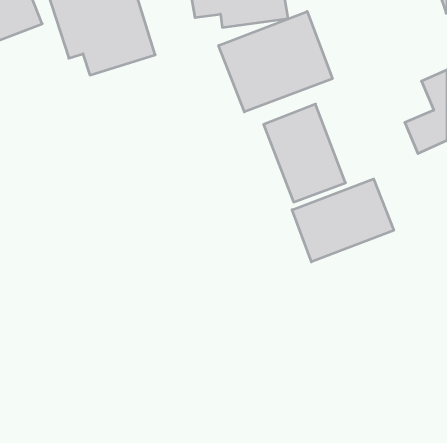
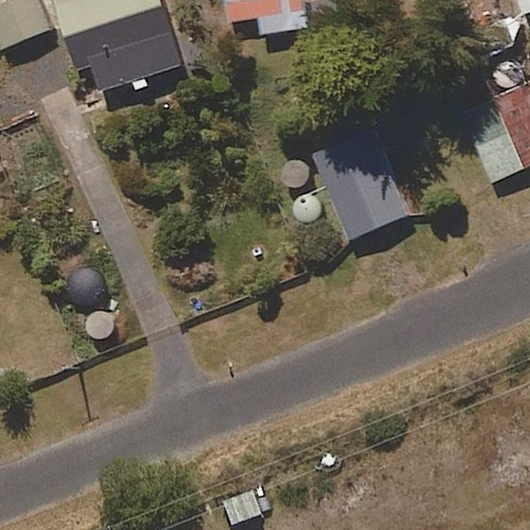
building: [219,11,332,112] -> none
building: [292,179,394,262] -> none

